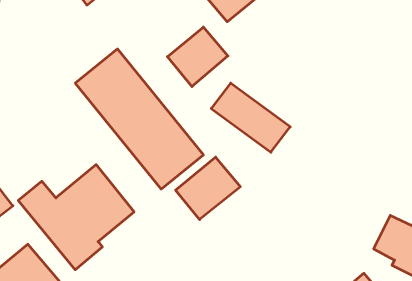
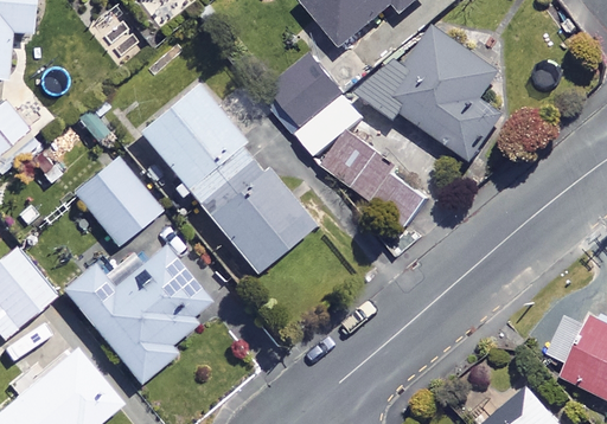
building: none -> [365,25,505,162]
building: none -> [74,161,156,246]
building: [176,157,240,220] -> none

